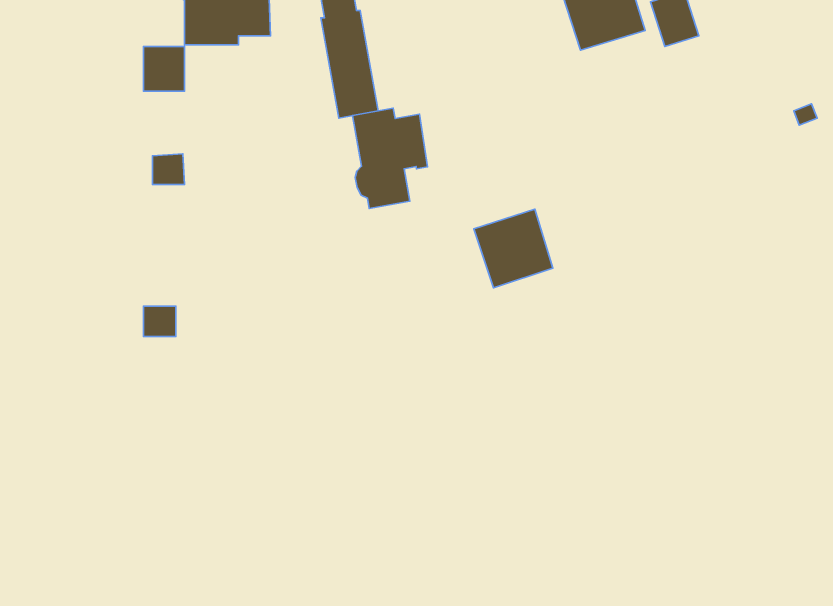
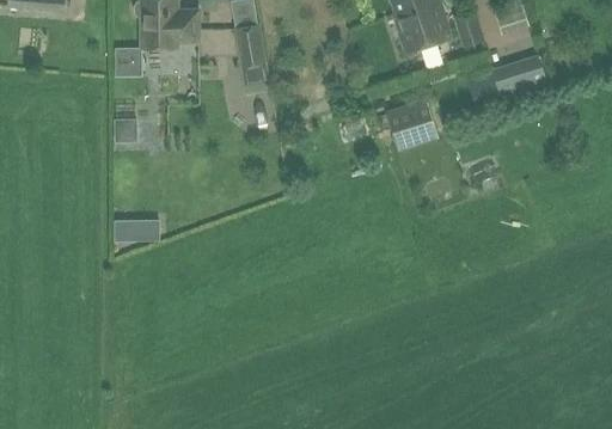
building: none -> [490,55,546,103]
building: [353,108,428,208] -> none
building: [474,209,553,288] -> [384,99,436,152]

